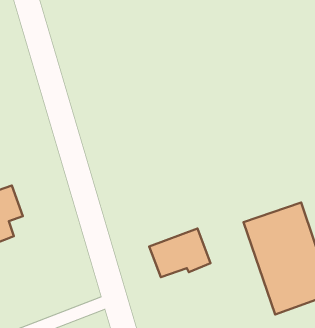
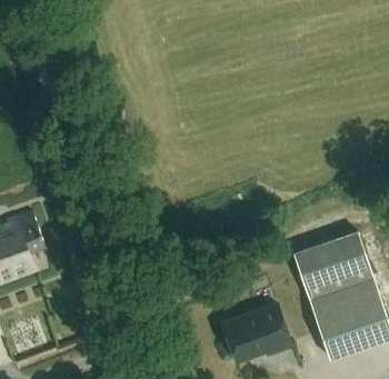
building: [149,229,210,277] -> [222,303,291,358]

